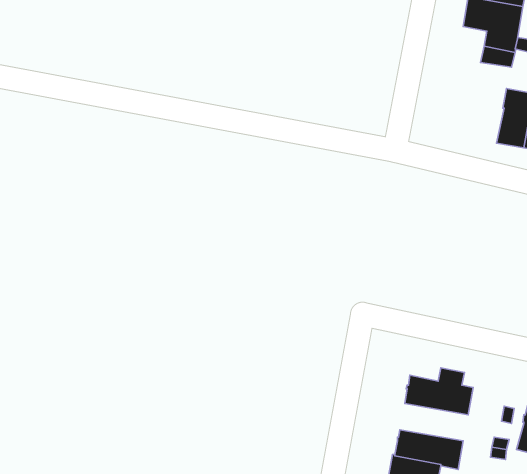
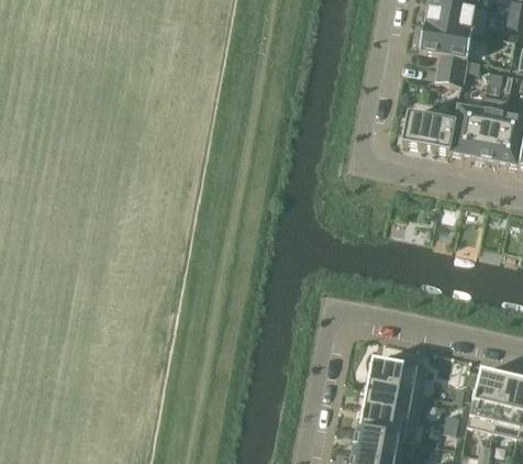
building: none -> [403,111,456,152]
building: none -> [364,383,424,416]

